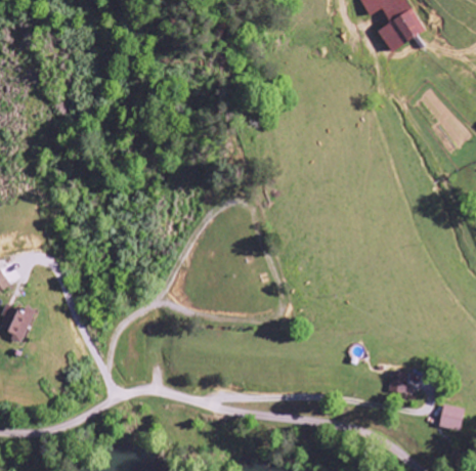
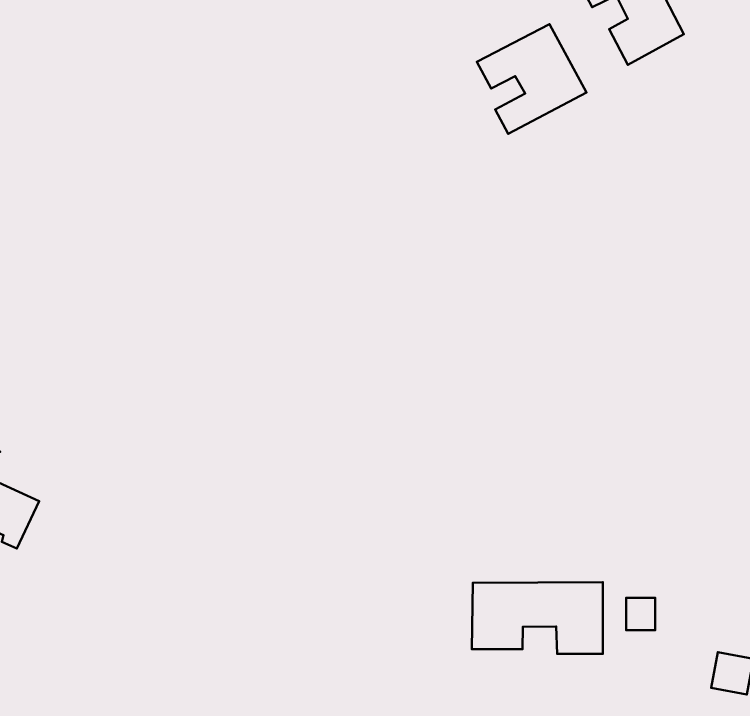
building: none -> [477,24,587,134]
building: none -> [472,582,603,654]

